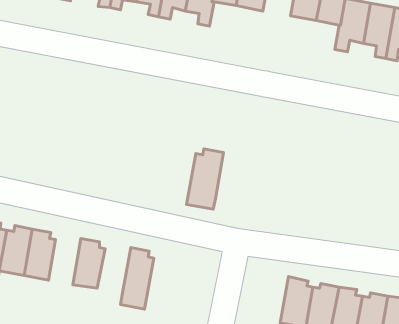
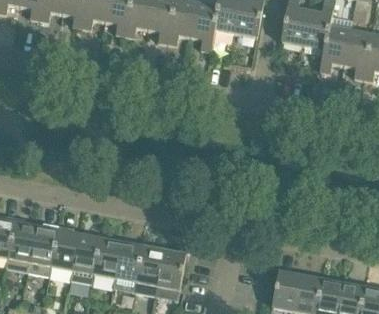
building: [186,149,224,209] -> [155,247,187,299]
building: none -> [71,231,100,283]
building: none -> [114,239,143,281]

